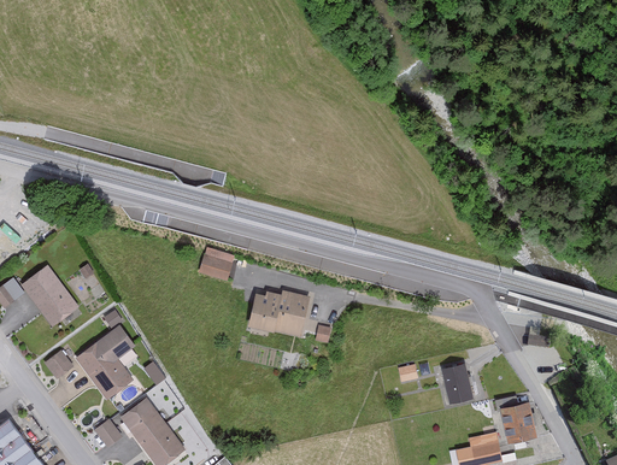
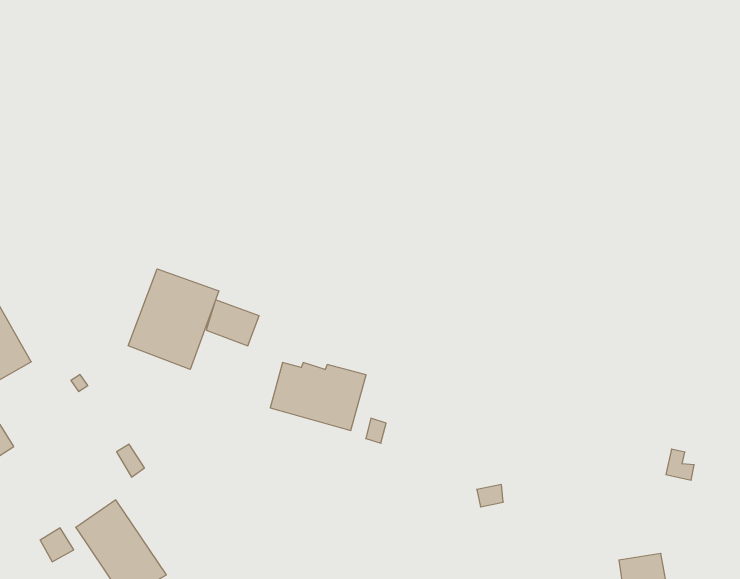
building: none -> [128,269,219,369]
building: [77,328,135,402] -> none
building: [443,361,476,399] -> none

